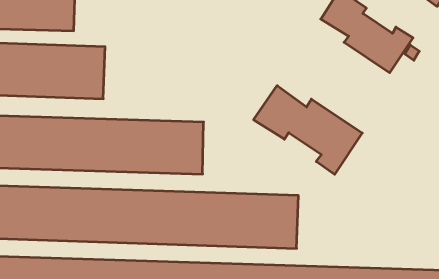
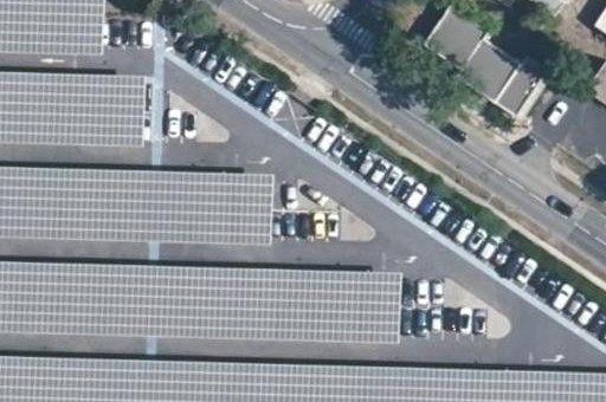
building: [254,86,362,174] -> none

